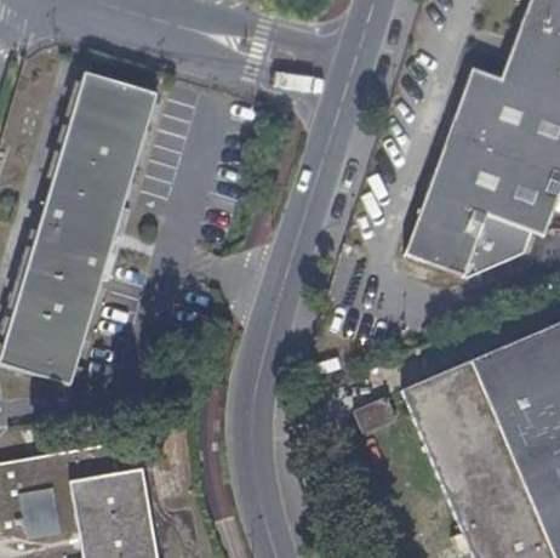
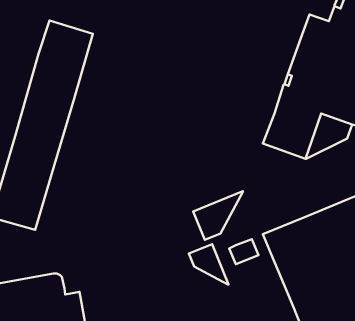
building: none -> [193,191,243,240]
building: none -> [189,244,229,285]

